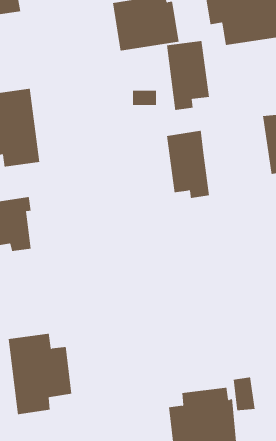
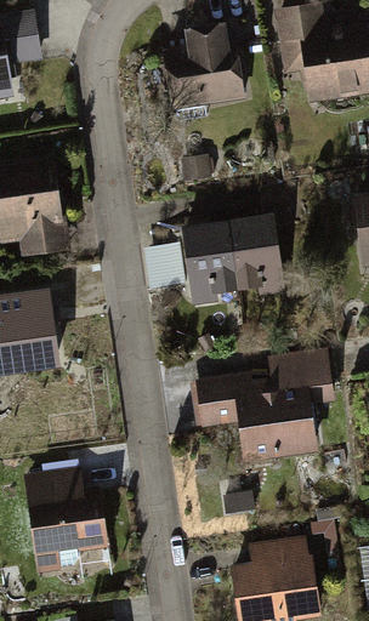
building: [166,40,210,111] -> [181,217,237,307]
building: none -> [189,351,333,462]

